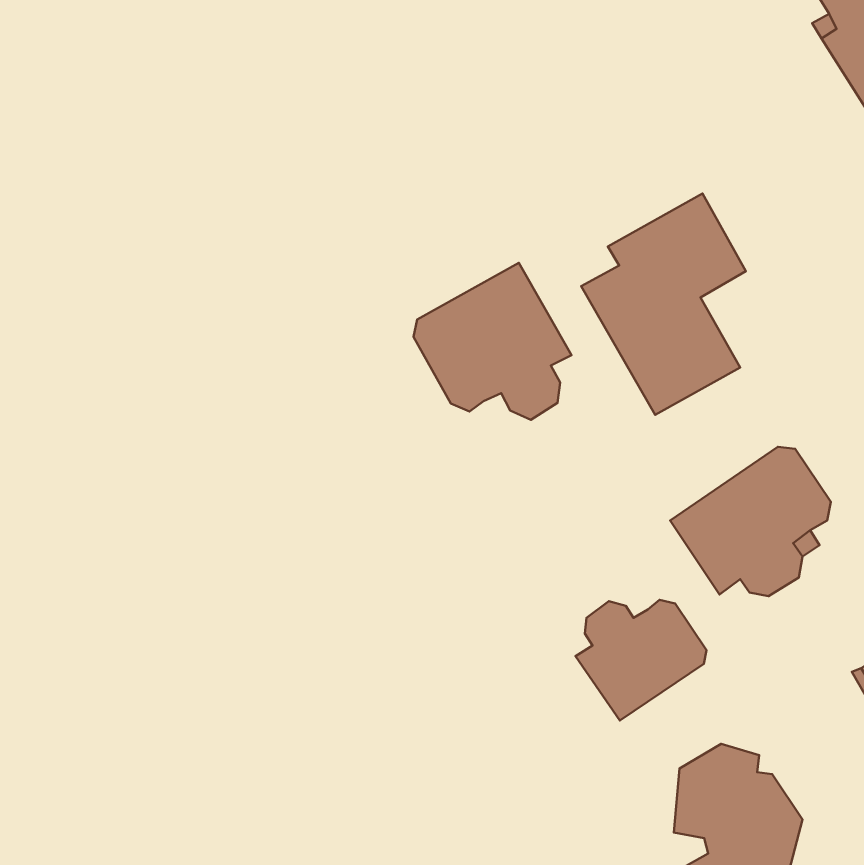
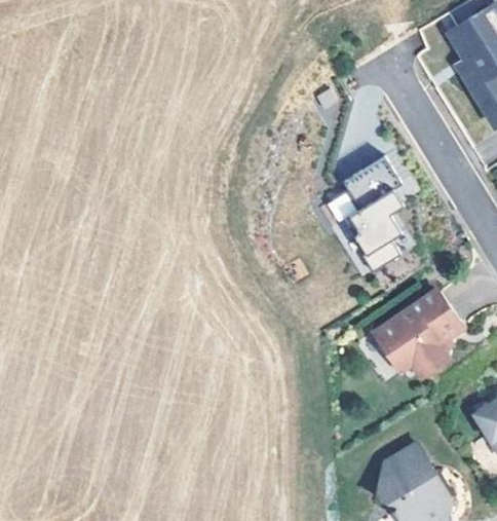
building: [413,263,571,420] -> none
building: [576,600,707,720] -> none

